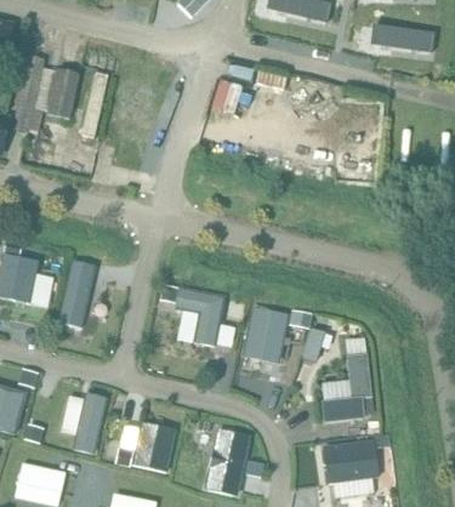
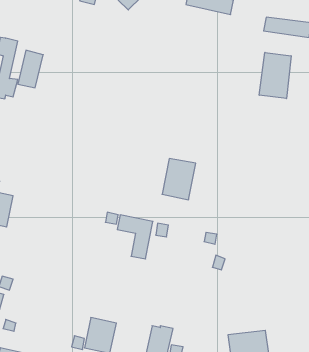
building: none -> [259,52,291,99]
building: [58,261,93,326] -> none
building: [243,308,288,363] -> [162,159,196,200]
building: [322,353,371,422] -> none
building: [73,395,104,454] -> none

